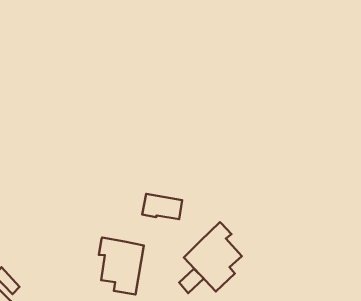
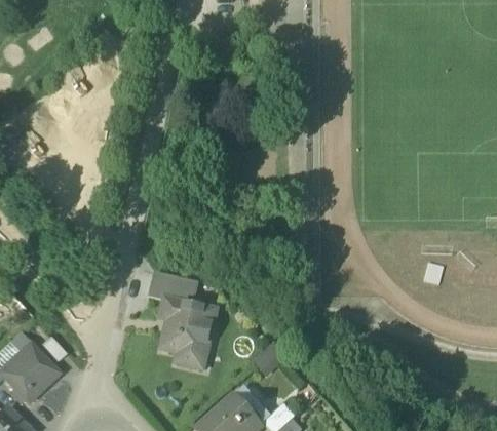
building: [142,194,182,219] -> [148,270,197,303]
building: [184,222,242,292] -> none

